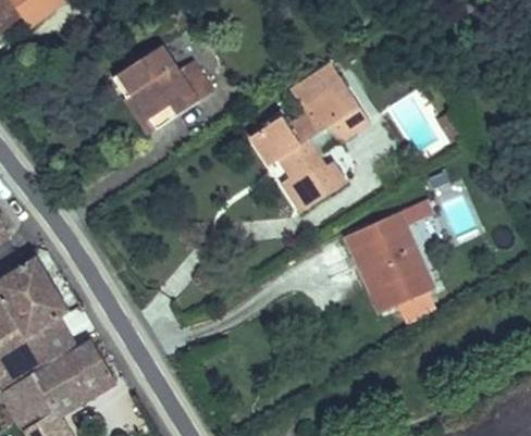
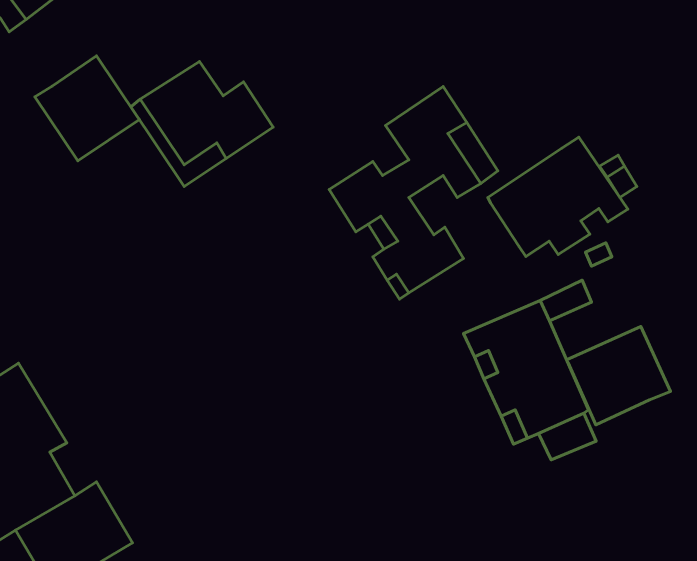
building: none -> [35,56,139,161]
building: none -> [488,137,628,257]
building: none -> [567,326,670,425]

